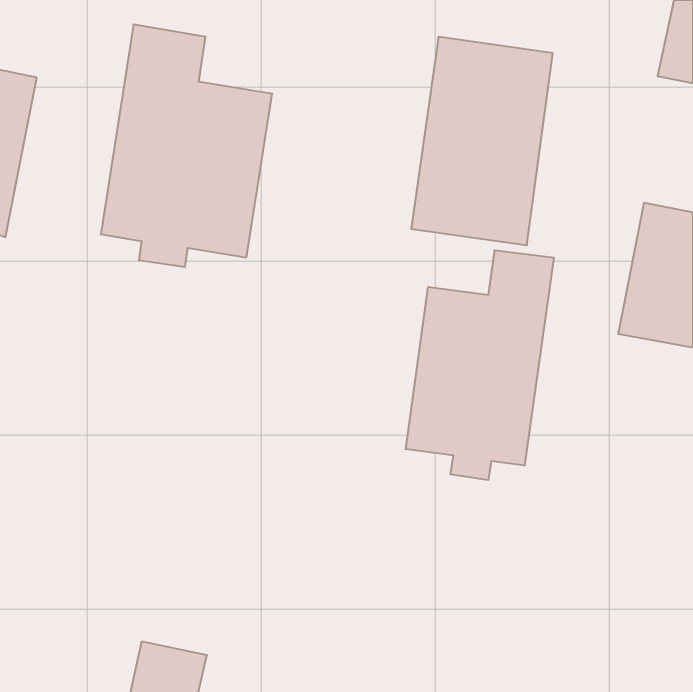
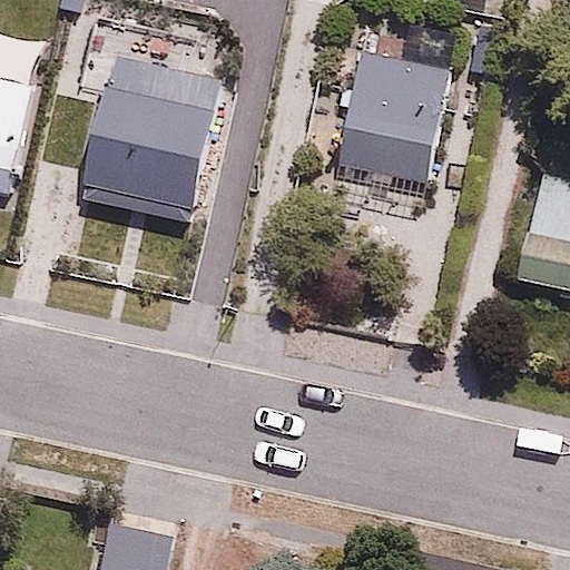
building: [406,250,554,480] -> none

